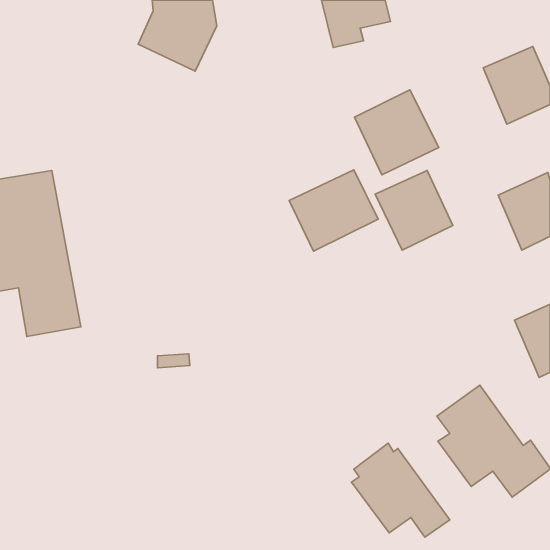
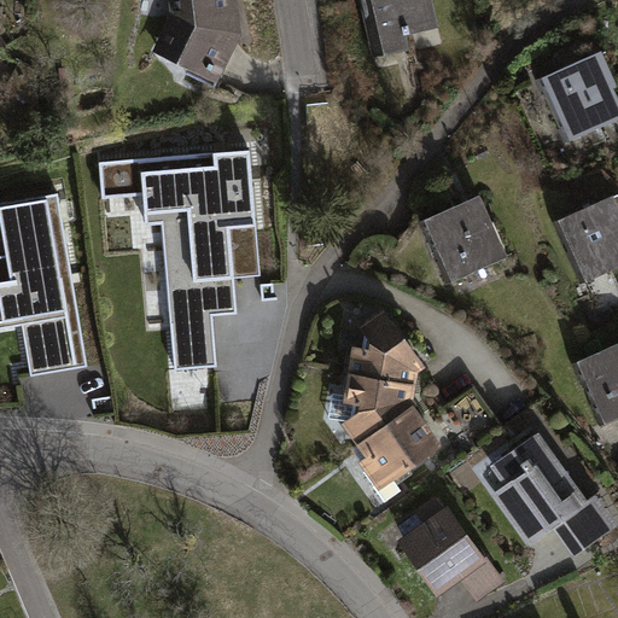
building: [355,90,439,175] -> none
building: none -> [104,154,263,371]
building: [289,170,378,251] -> none
building: none -> [338,305,441,490]

